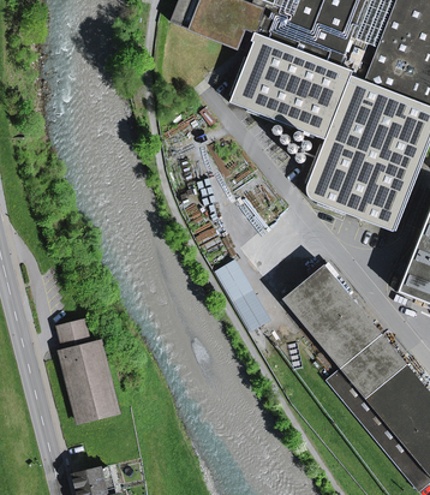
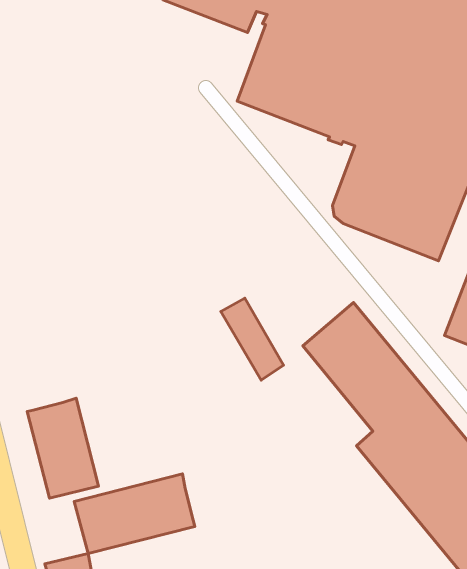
building: [60,321,90,351] -> none
building: none -> [74,474,195,553]

